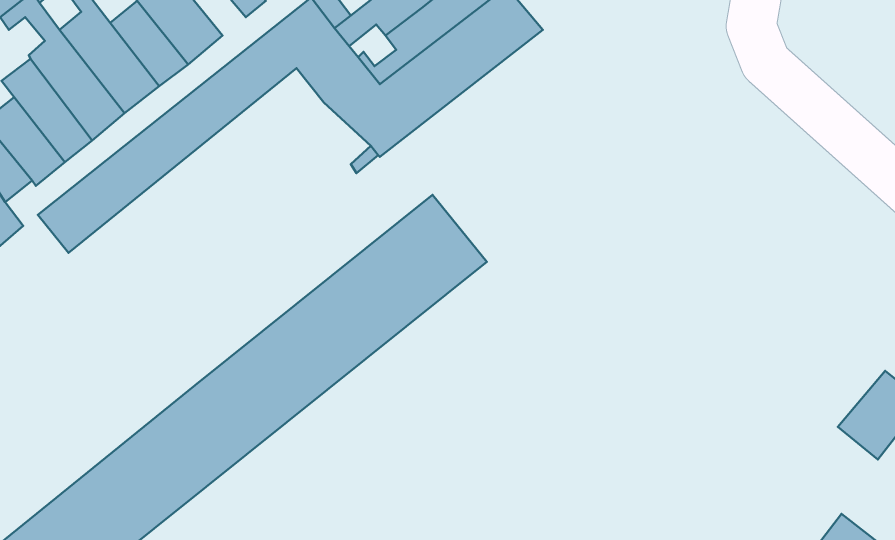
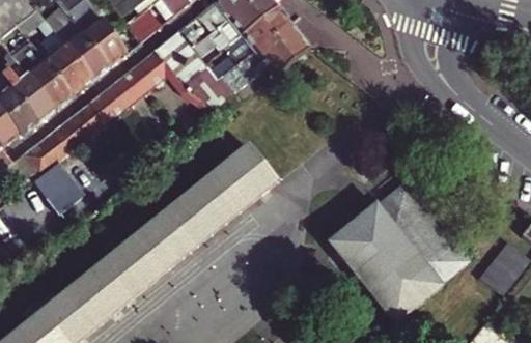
building: none -> [35,156,89,211]
building: none -> [328,180,469,322]

